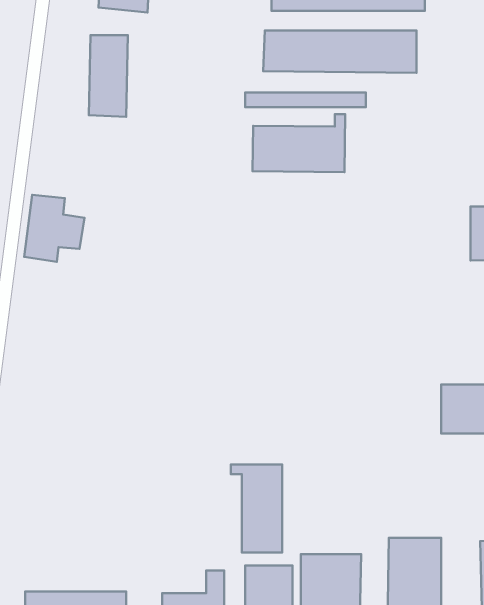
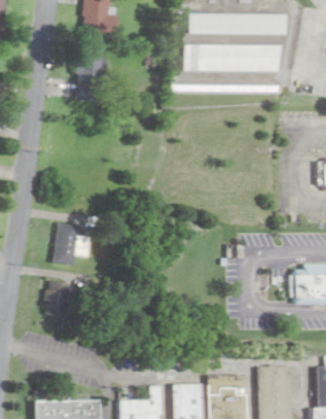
building: [253,114,345,172] -> none
building: [24,195,84,262] -> [51,222,89,265]
building: none -> [45,281,69,315]
building: [231,465,282,552] -> none

